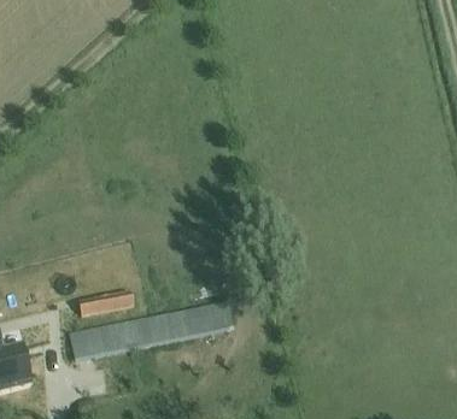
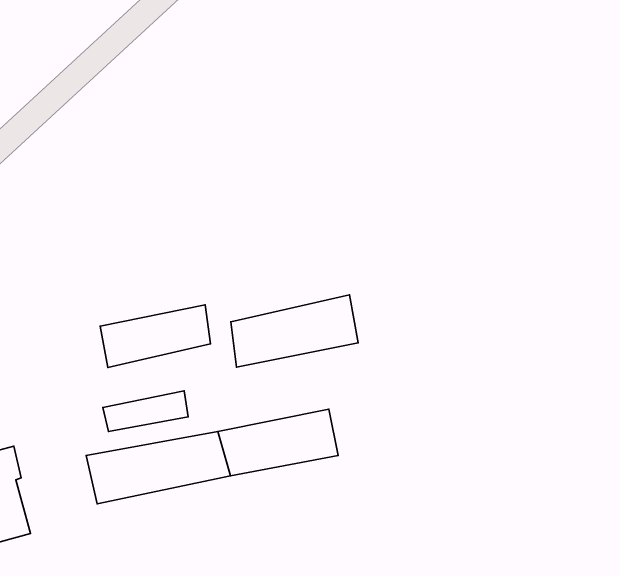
building: none -> [231,295,358,367]
building: none -> [100,305,210,367]

